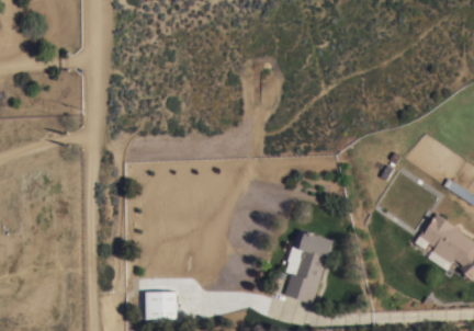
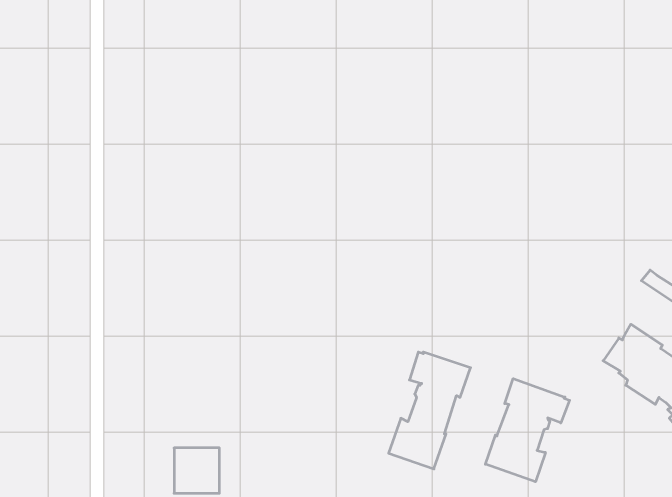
building: none -> [485,379,570,482]

